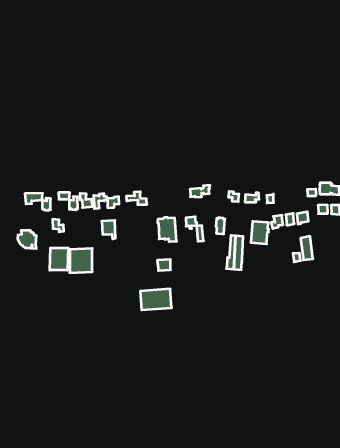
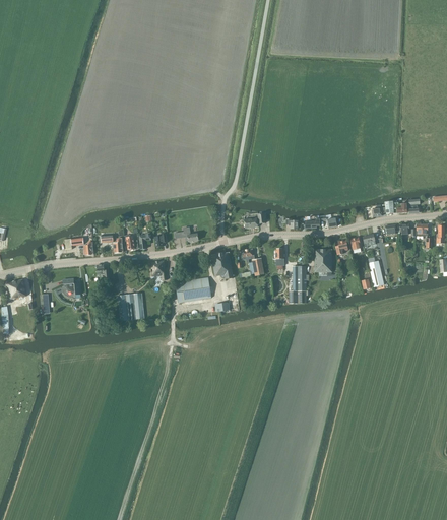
building: [50,248,68,270] -> none
building: [140,289,172,310] -> [176,277,211,303]

